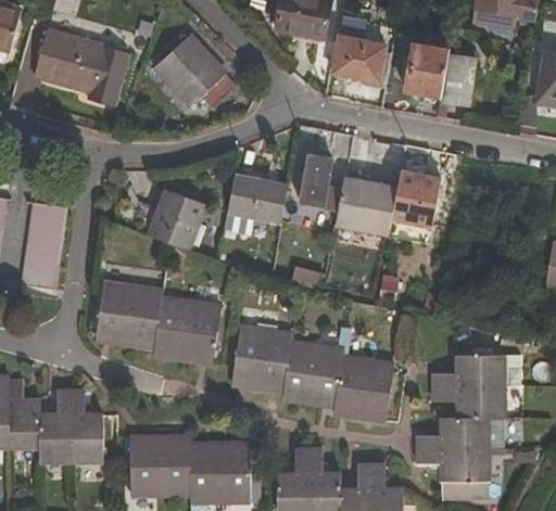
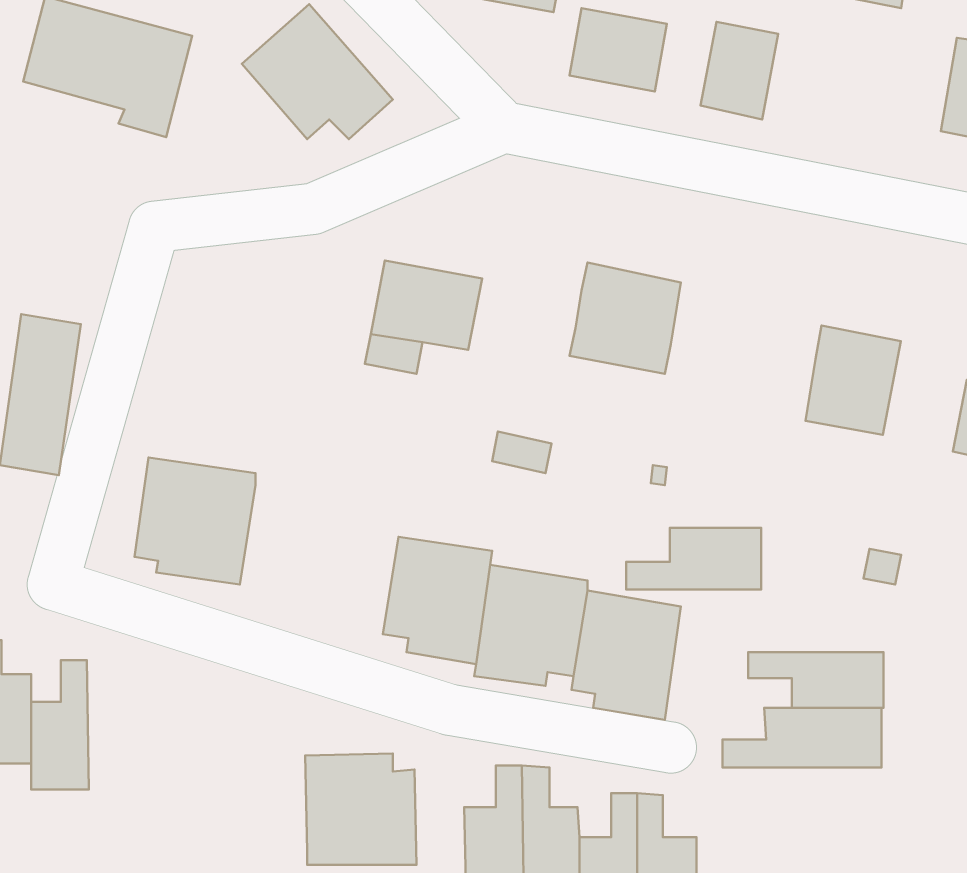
building: [442,53,477,106] -> none
building: [294,152,340,210] -> none
building: [389,167,441,227] -> [805,325,901,435]
building: [148,190,206,250] -> none
building: [152,296,220,365] -> none
building: [431,354,505,387] -> [626,528,761,590]
building: [70,391,102,462] -> none
building: [129,436,190,497] -> none
building: [417,450,490,500] -> none

